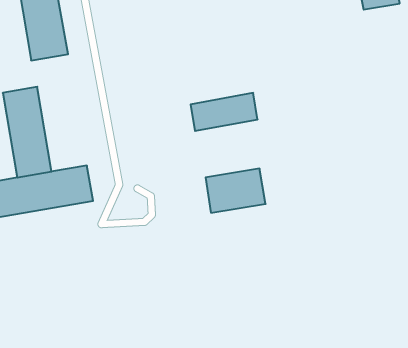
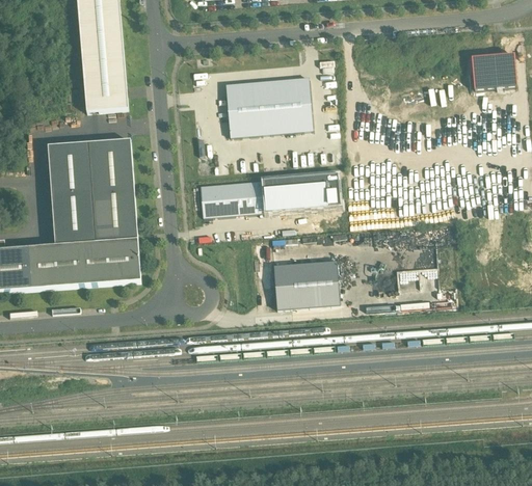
building: none -> [227,77,313,136]
building: none -> [88,138,137,241]
building: none -> [200,179,266,216]

